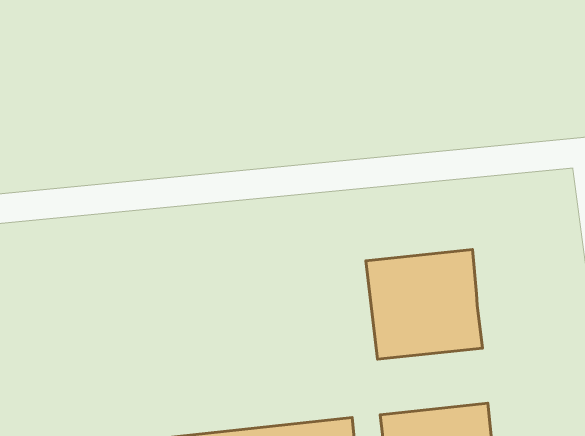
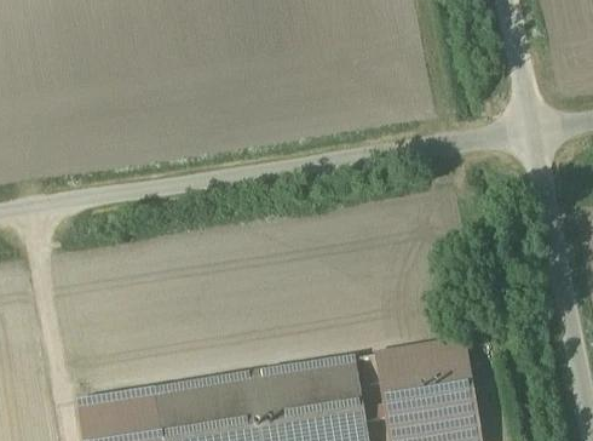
building: [366,249,482,359] -> none

